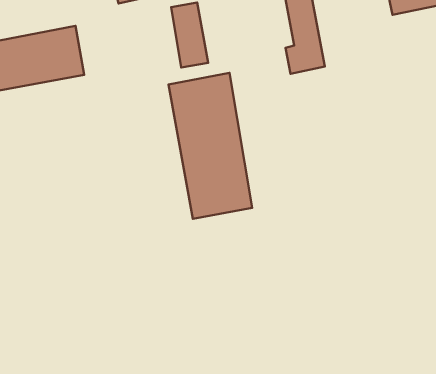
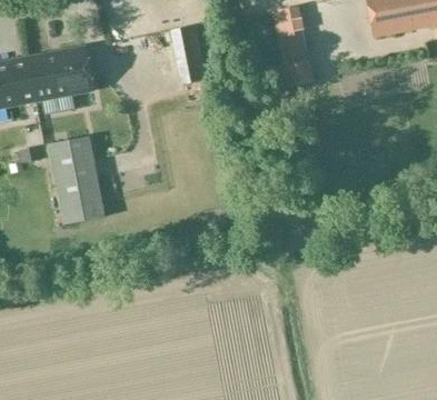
building: [168,73,252,219] -> none
building: none -> [49,137,103,226]

